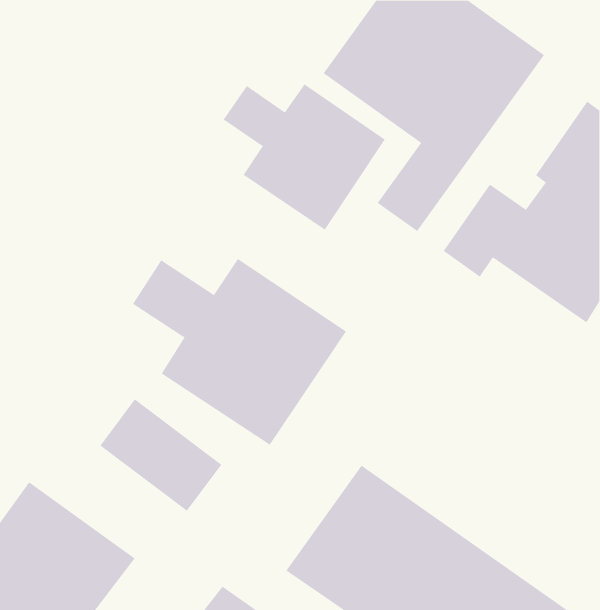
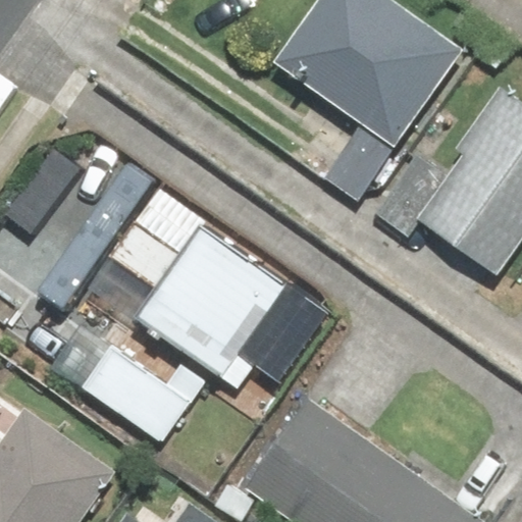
building: [223,84,386,230] -> none

